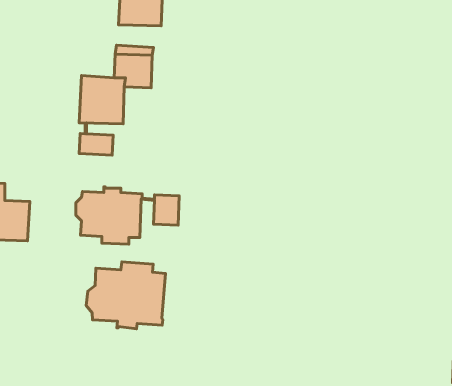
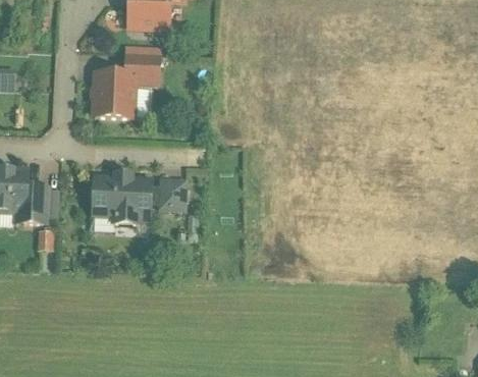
building: [79,123,113,155] -> none
building: [86,262,165,329] -> none

